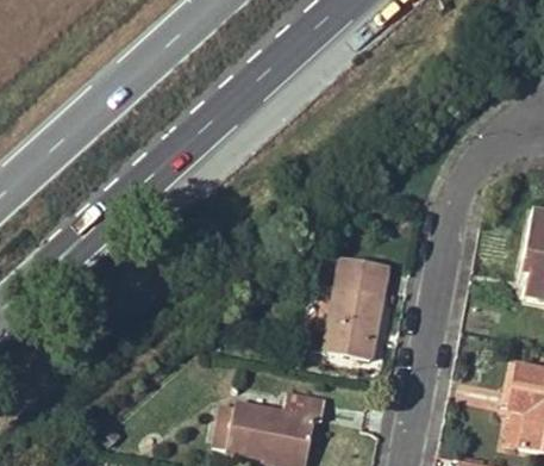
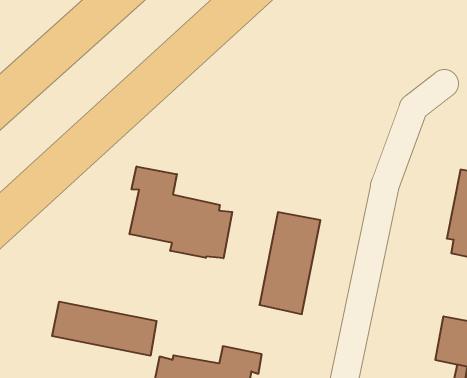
building: none -> [130,166,232,258]
building: none -> [52,302,157,356]

